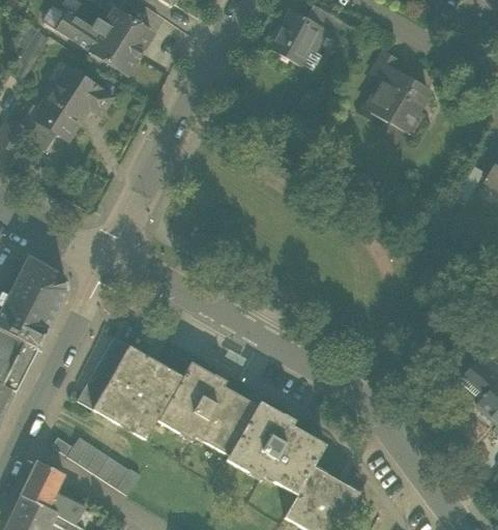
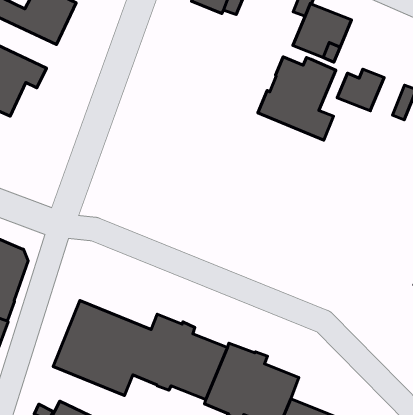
building: none -> [258,57,336,140]
building: none -> [337,69,384,111]

